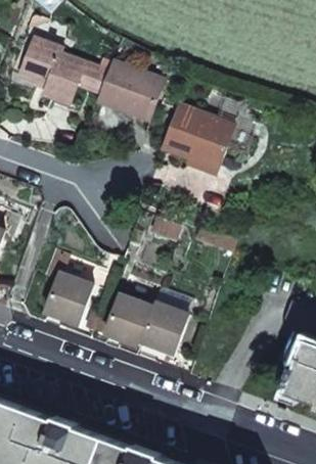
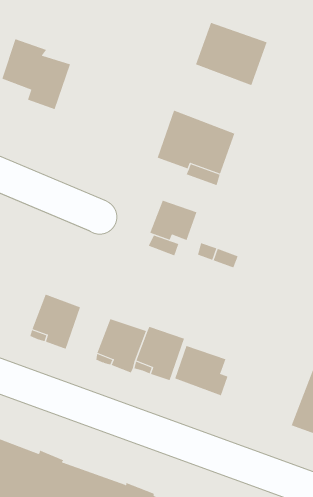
building: [97,61,164,120] -> [195,22,268,86]
building: none -> [149,200,197,241]
building: none -> [174,345,228,396]

